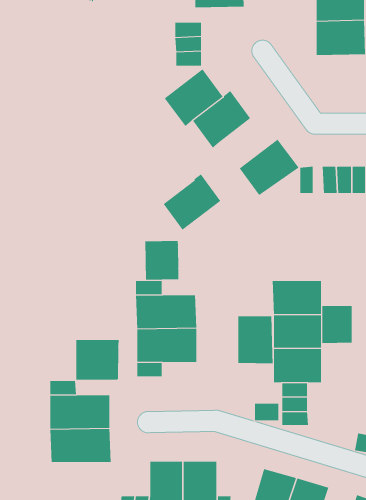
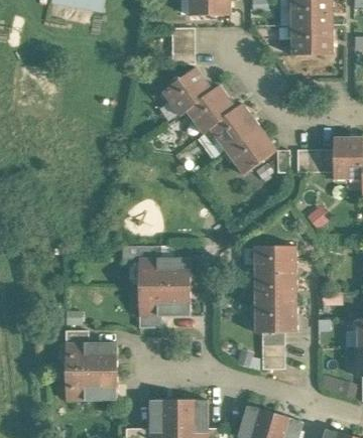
building: [163,173,221,230] -> [209,104,258,152]
building: [145,240,179,280] -> none
building: [322,305,352,344] -> none
building: [238,315,273,364] -> none
building: [76,339,119,380] -> none

